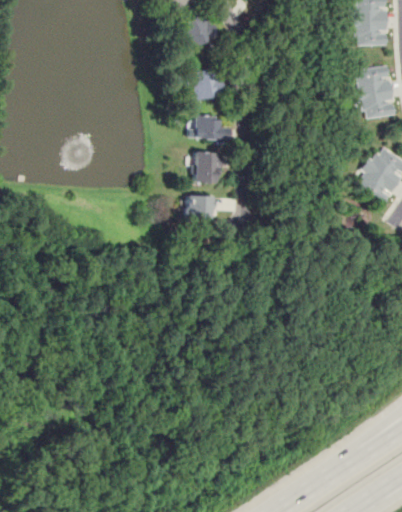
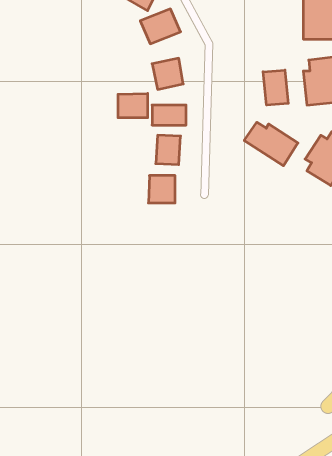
building: none -> [263,70,288,105]
building: none -> [118,93,148,118]
building: none -> [244,122,298,166]

